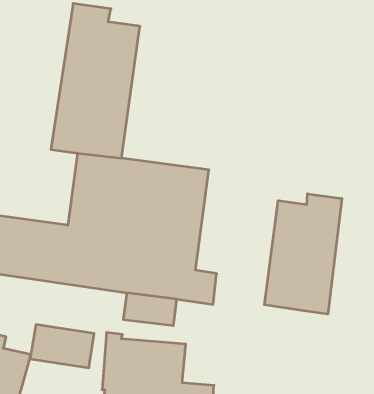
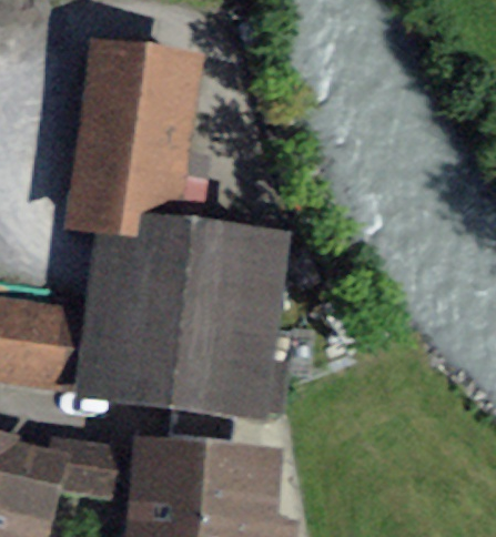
building: [264,194,342,314] -> none

